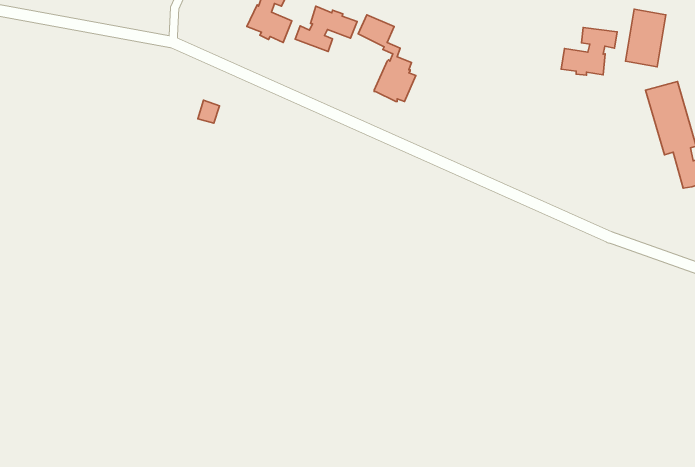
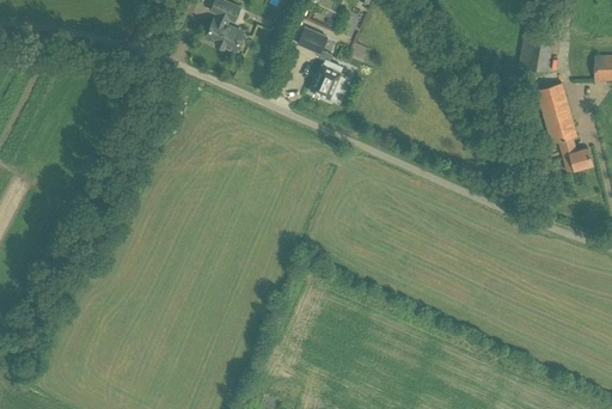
building: [295,6,357,52] -> none
building: [561,27,617,75] -> none

